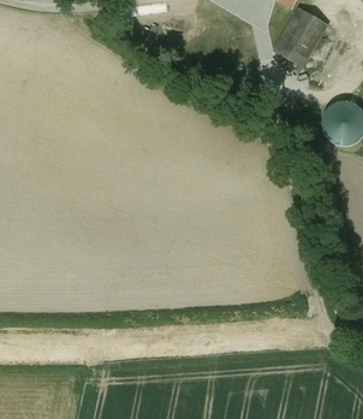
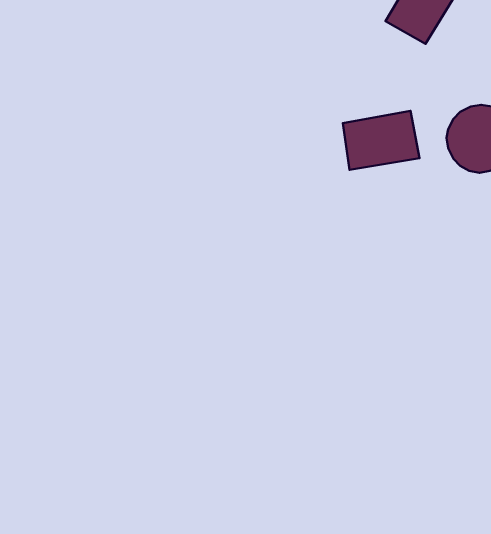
building: none -> [343,111,419,170]

